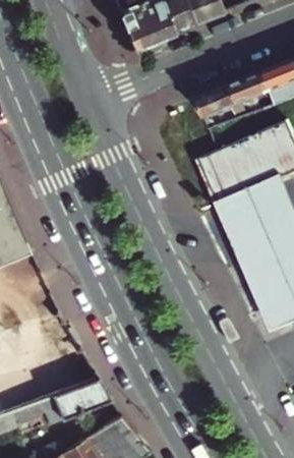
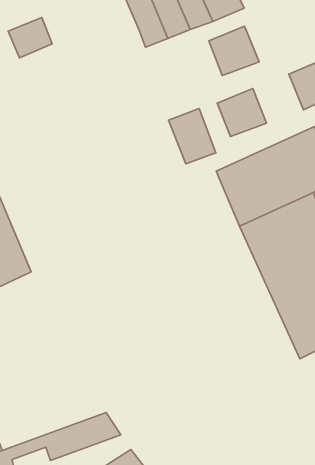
building: none -> [8,18,52,58]
building: [231,73,277,118] -> [209,26,259,75]
building: none -> [169,108,216,164]

